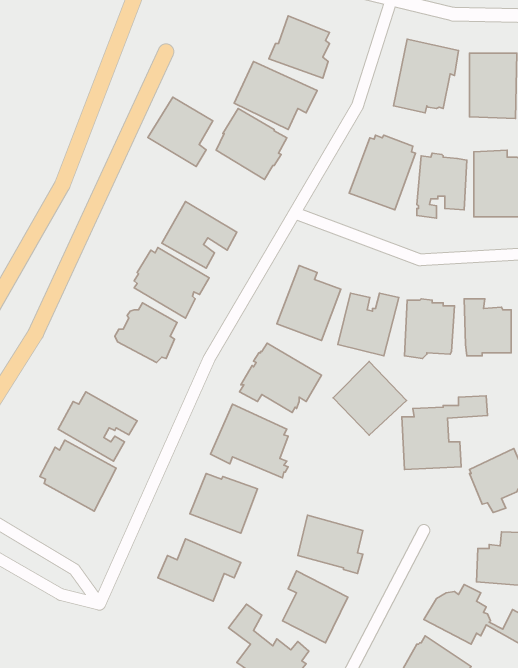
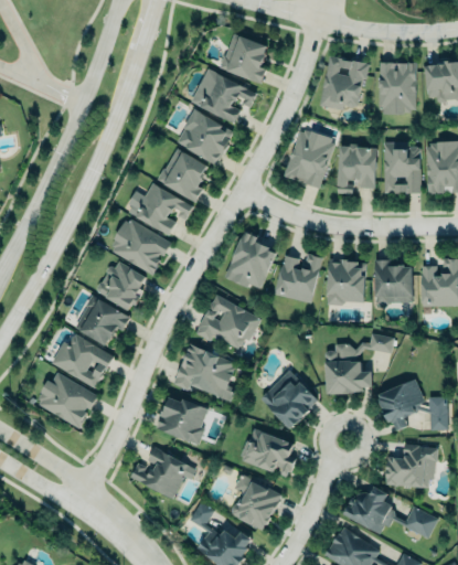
building: [148,97,213,167] -> [157,148,209,203]
building: none -> [75,294,130,344]
building: [333,362,407,435] -> [260,371,319,429]

